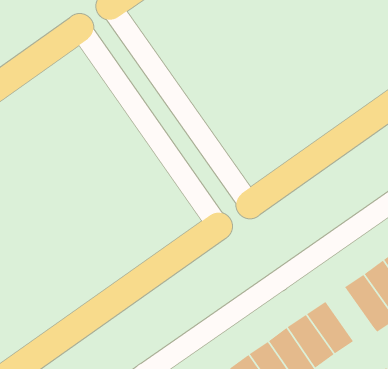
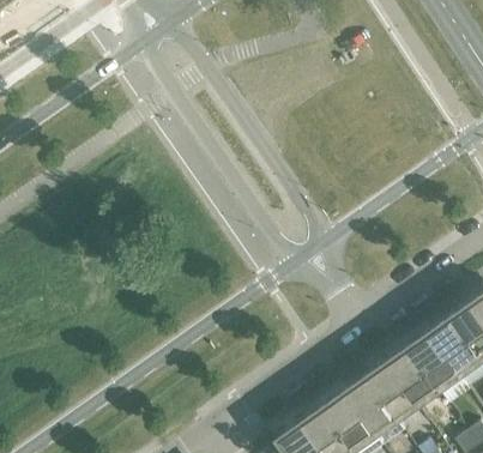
building: none -> [409,332,460,392]

